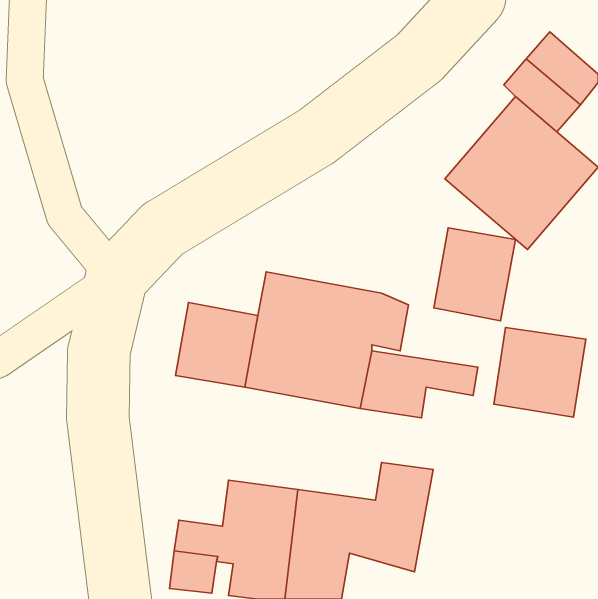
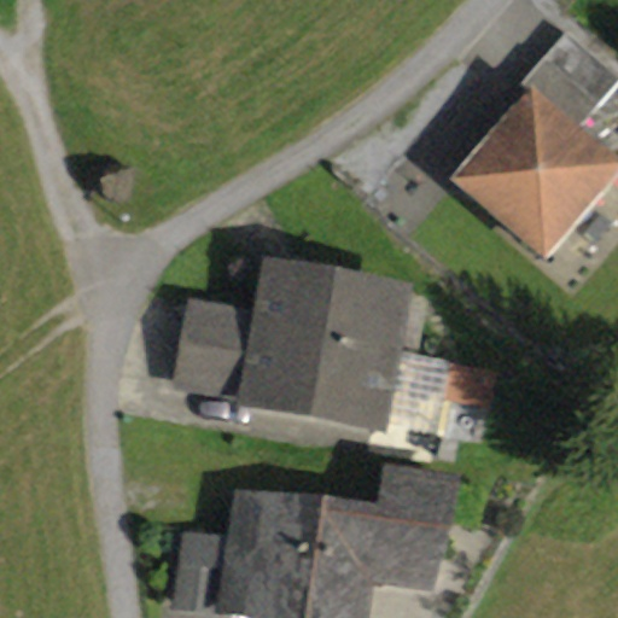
building: [434,228,516,321] -> none
building: [494,327,586,417] -> none

